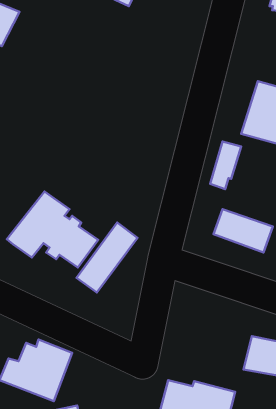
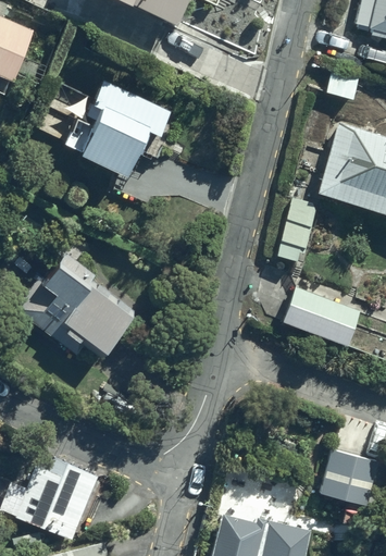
building: none -> [65,81,171,170]
building: [77,222,138,293] -> none

